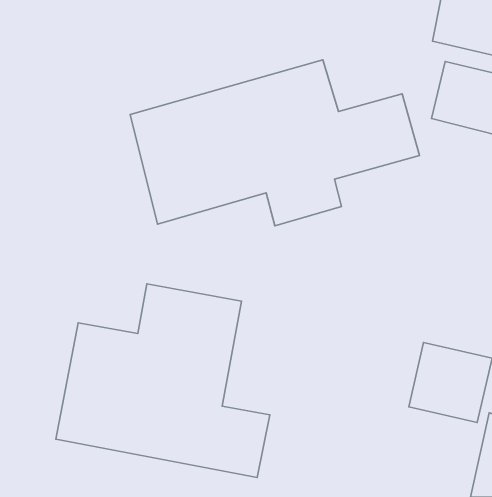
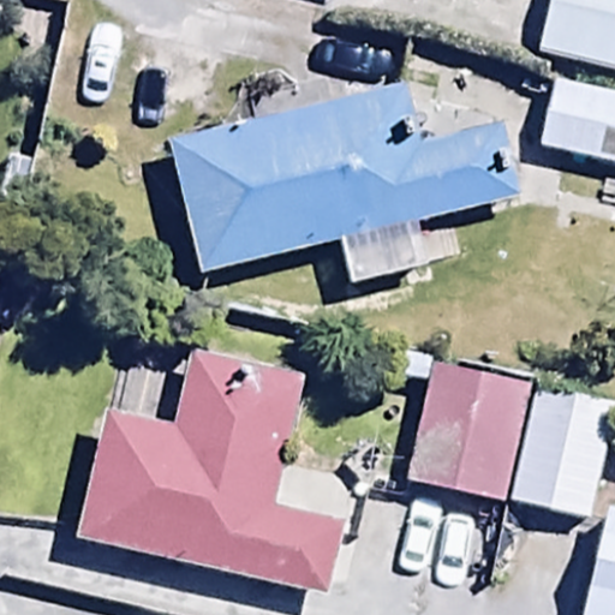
building: none -> [402,401,524,503]

